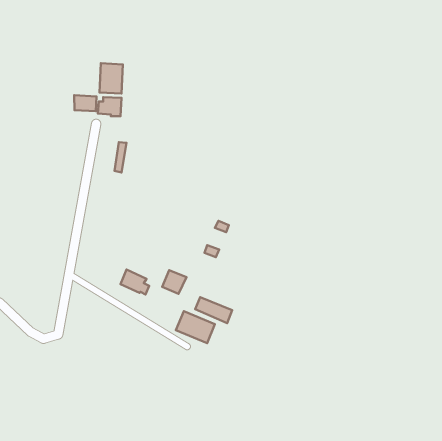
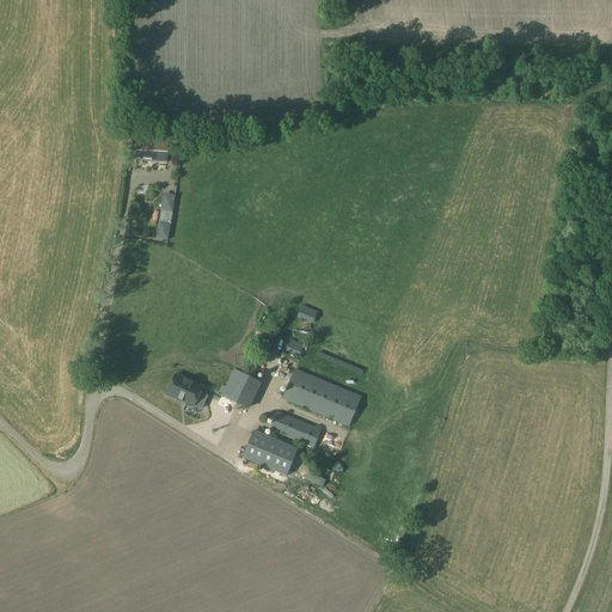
building: [99,63,123,94] -> none
building: [74,95,97,111] -> none
building: none -> [282,367,360,424]

